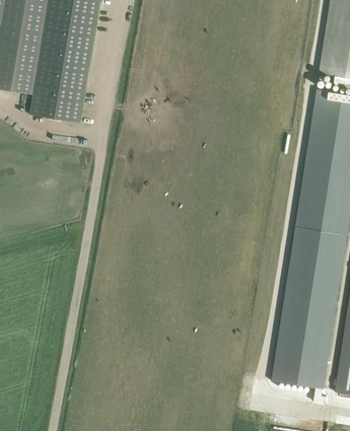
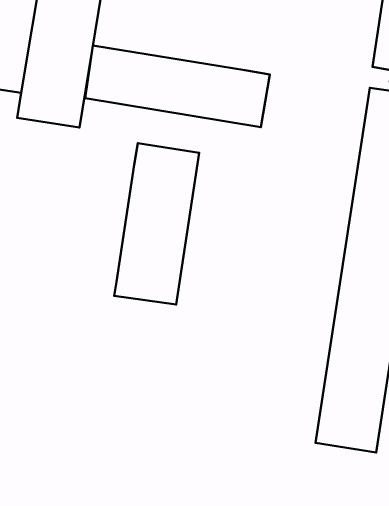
building: none -> [85,45,270,127]
building: none -> [114,143,199,304]

